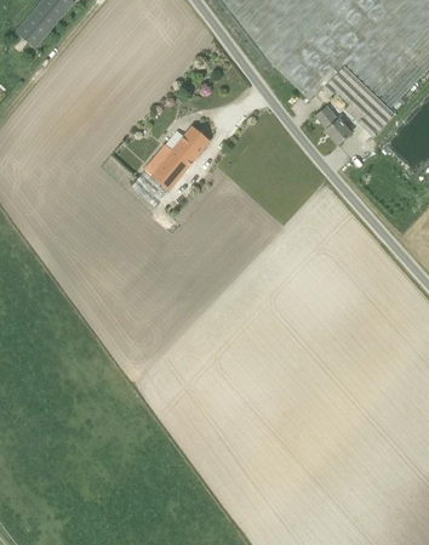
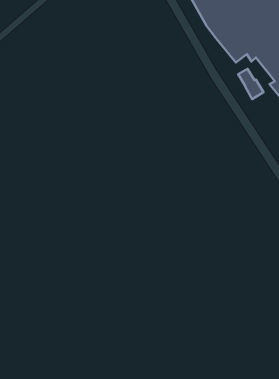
building: [147,123,212,187] -> none

